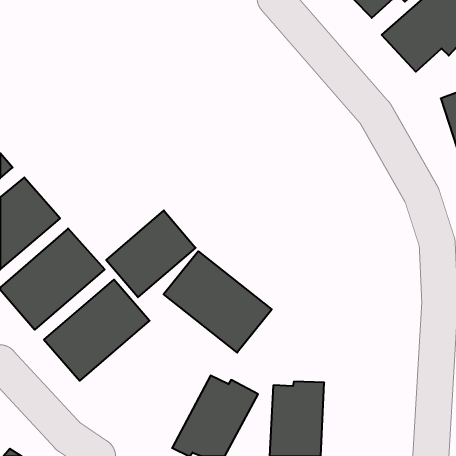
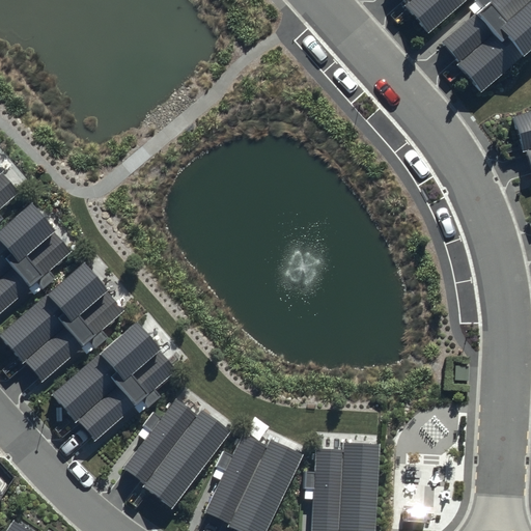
building: [106,210,196,297] -> none
building: [164,251,272,353] -> none
building: none -> [120,399,230,506]

